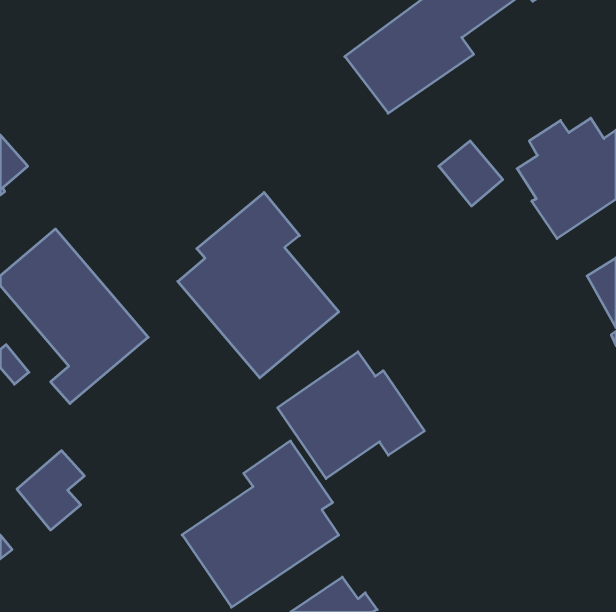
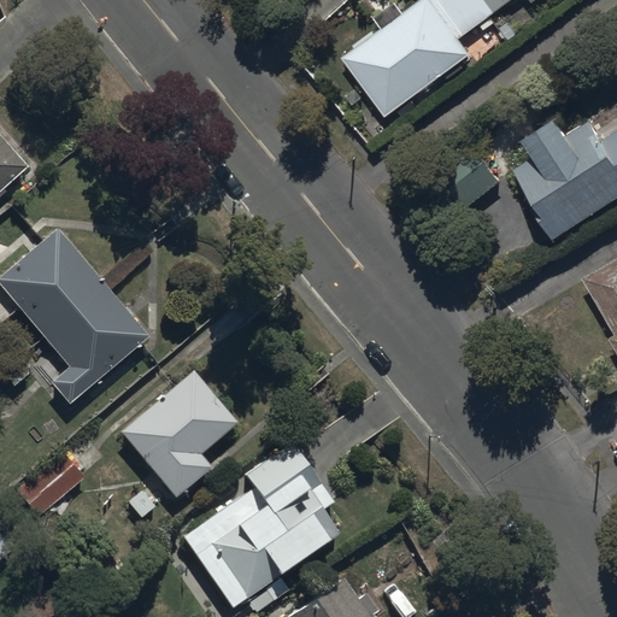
building: [178,192,339,378] -> none
building: [278,352,424,479] -> none
building: none -> [119,370,239,499]

